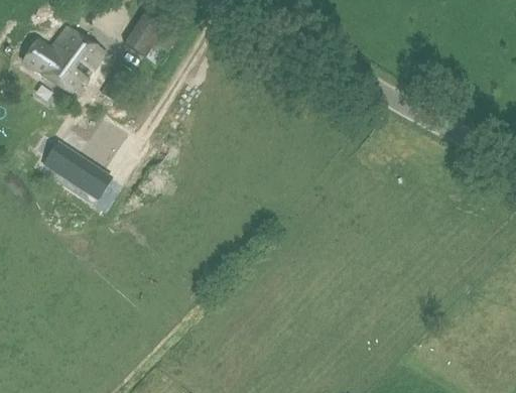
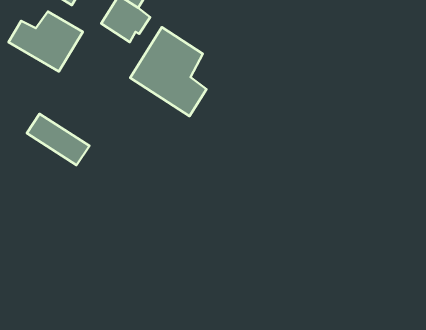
building: none -> [130,27,207,116]

